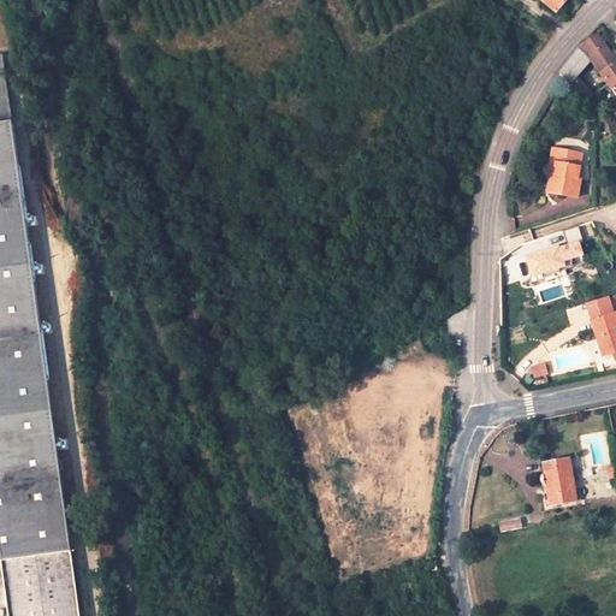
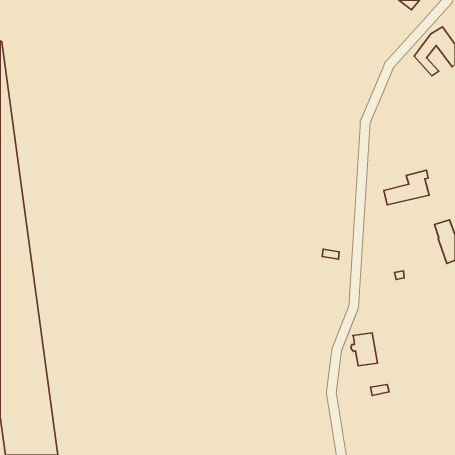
building: [547,150,582,197] -> none
building: [540,461,576,505] -> [351,333,378,366]

